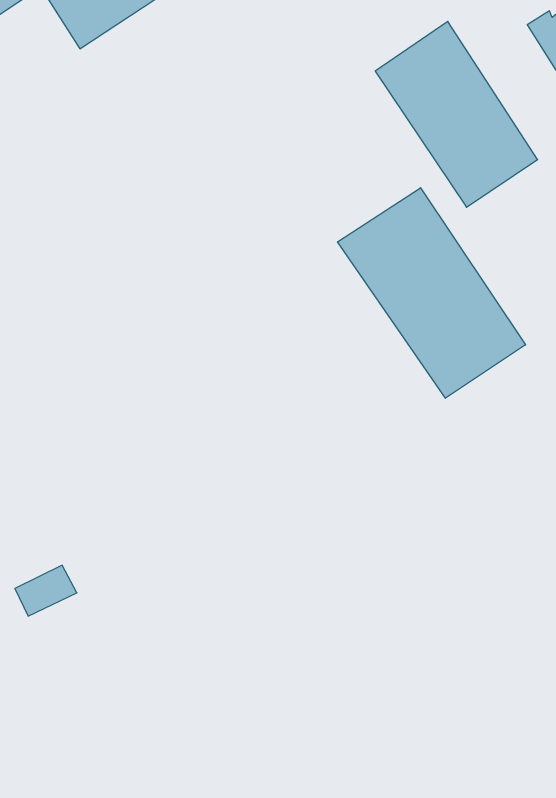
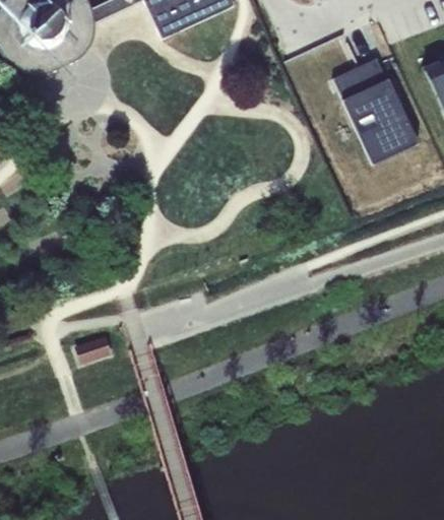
building: [338,188,526,398] -> none

